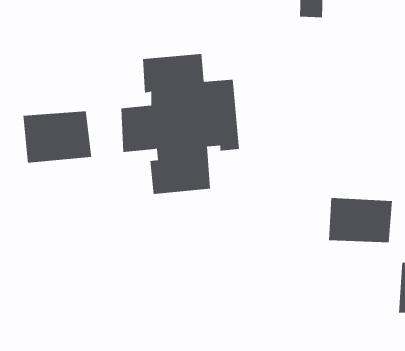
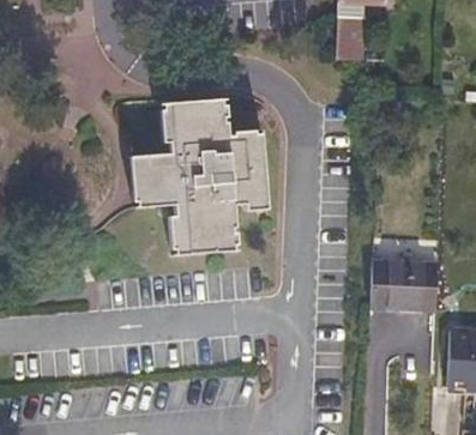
building: [23,110,92,164] -> none

